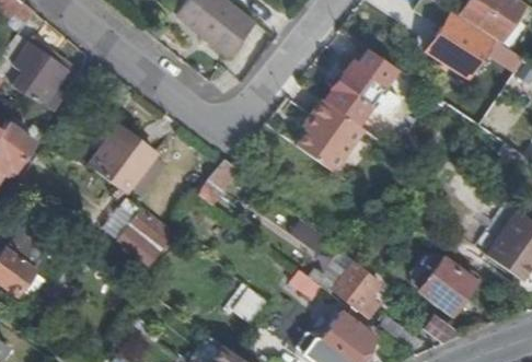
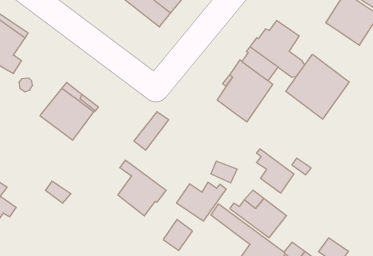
building: none -> [286,54,349,119]
building: [117,199,175,266] -> [118,160,166,216]
building: none -> [256,149,294,193]
building: none -> [177,182,226,221]
building: [420,257,476,315] -> none

